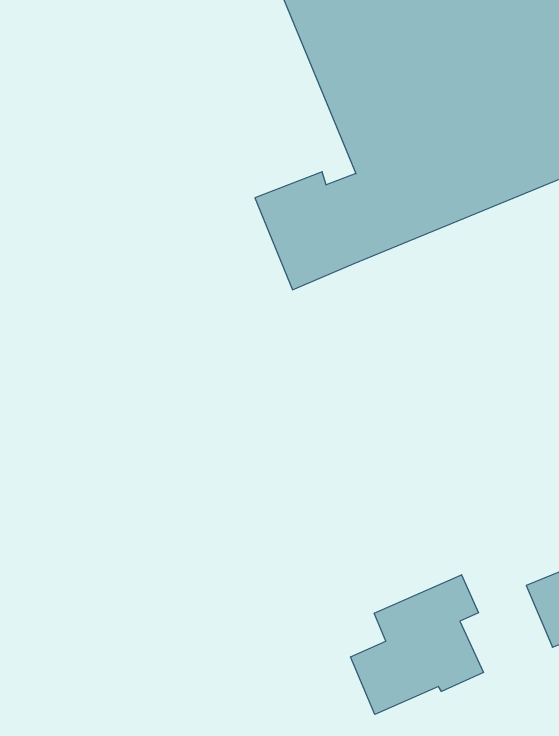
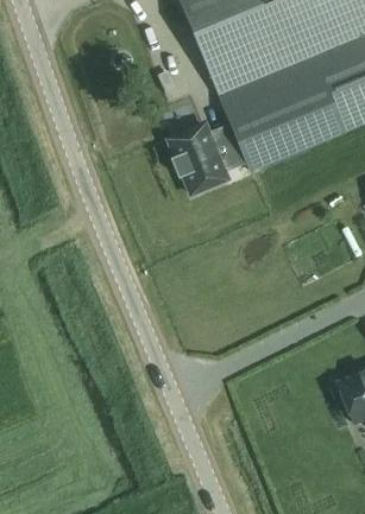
building: [351,575,483,714] -> none

